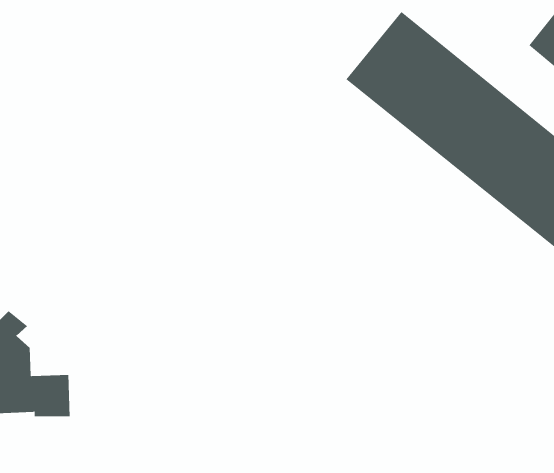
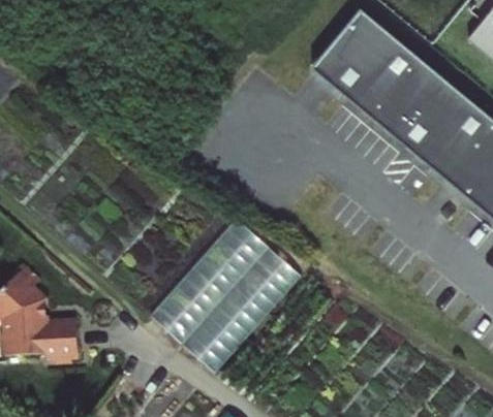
building: none -> [148,219,300,374]

